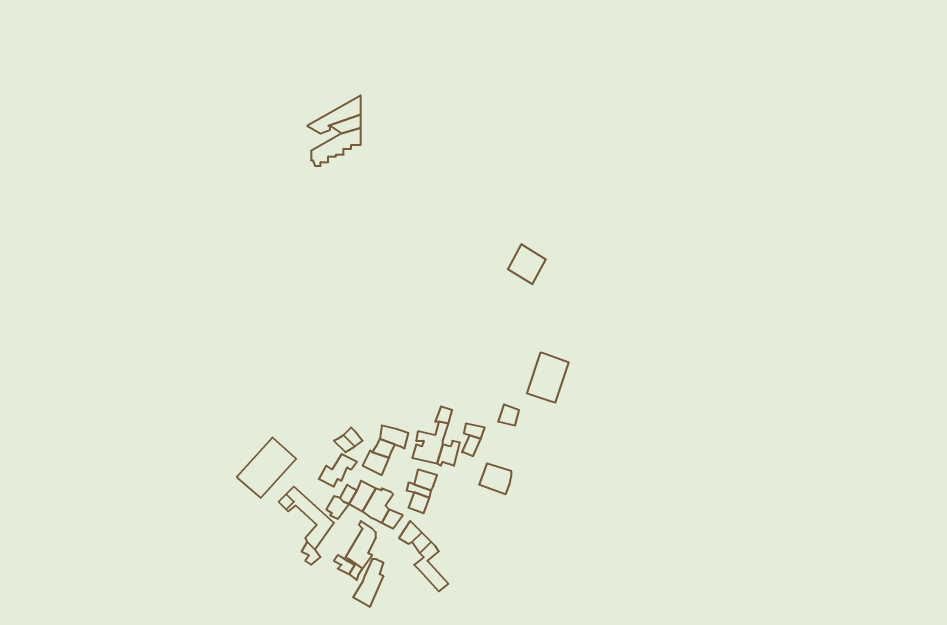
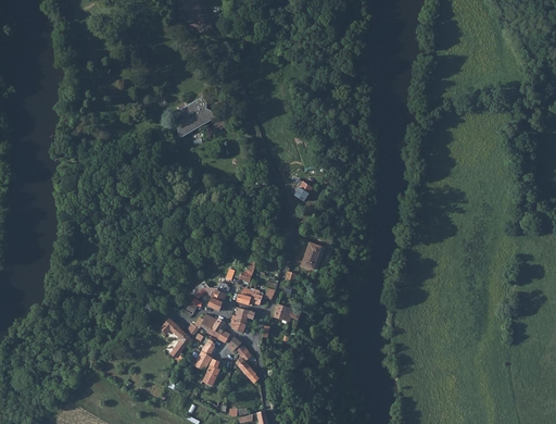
building: [237,437,296,498] -> none

